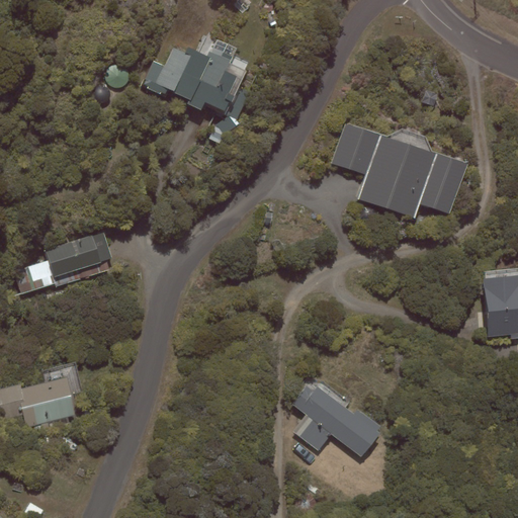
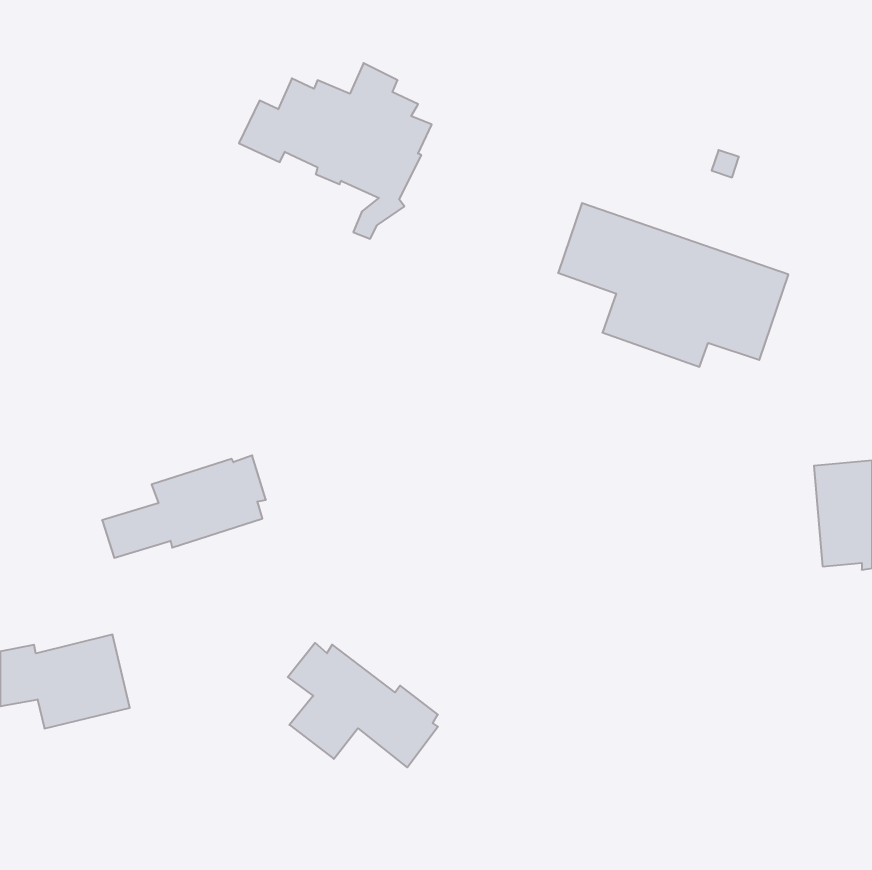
building: [15,232,112,292] -> [102,455,266,558]
building: [290,382,379,456] -> [288,643,438,767]

